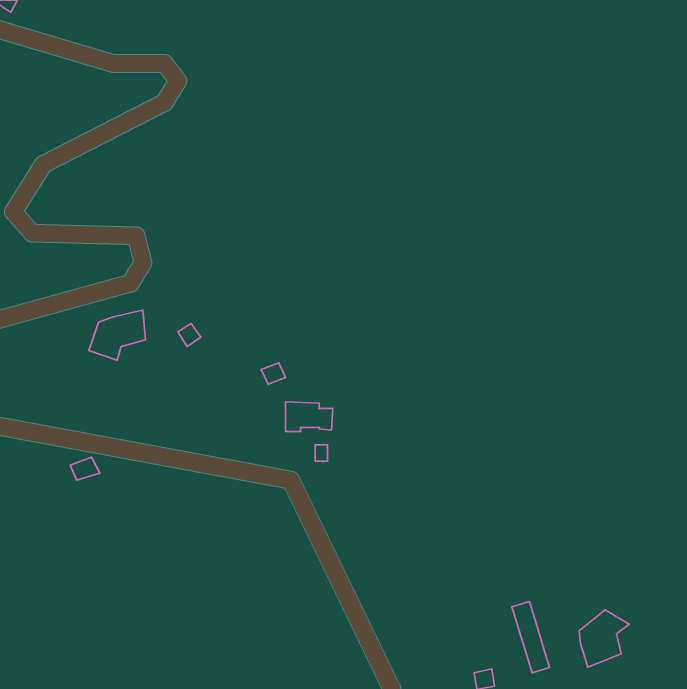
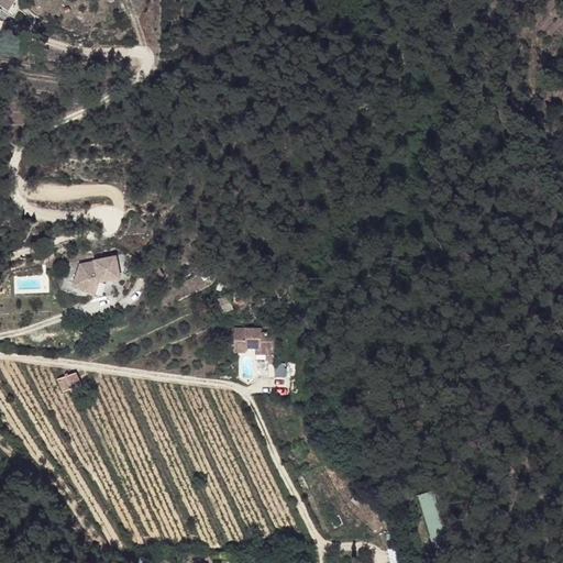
building: [579,610,629,667] -> none

